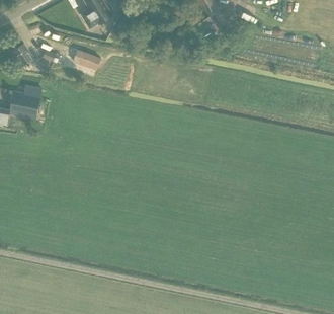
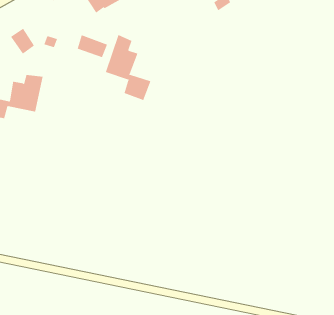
building: none -> [105,34,151,101]

